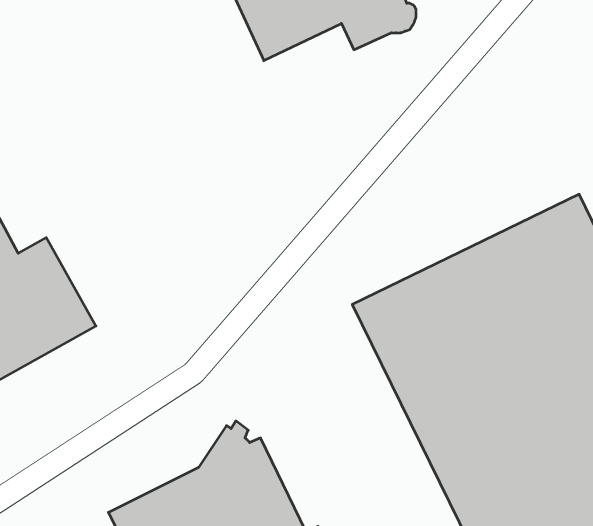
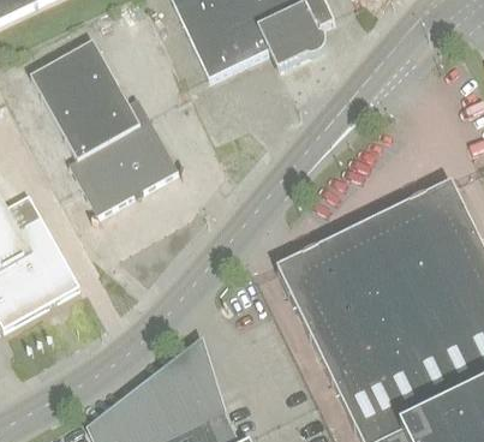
building: none -> [30,40,177,214]

